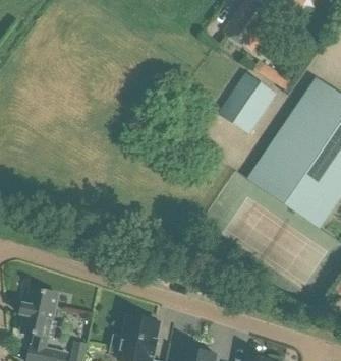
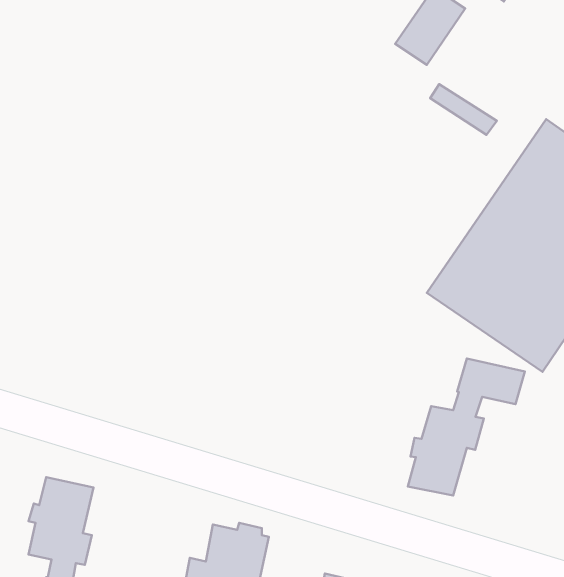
building: [218,71,276,132] -> none
building: none -> [408,359,525,495]

